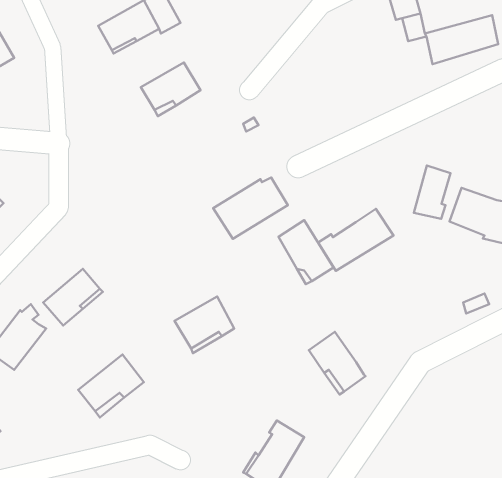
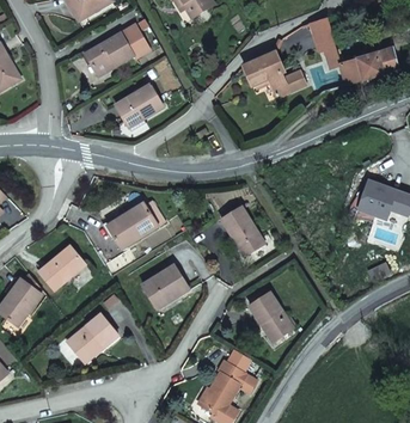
building: none -> [243,49,304,97]
building: [414,166,451,219] -> none
building: [213,178,288,239] -> [108,200,166,247]
building: [318,209,393,271] -> none

